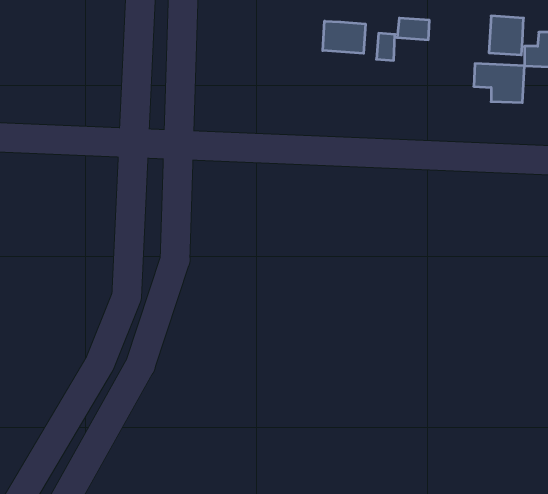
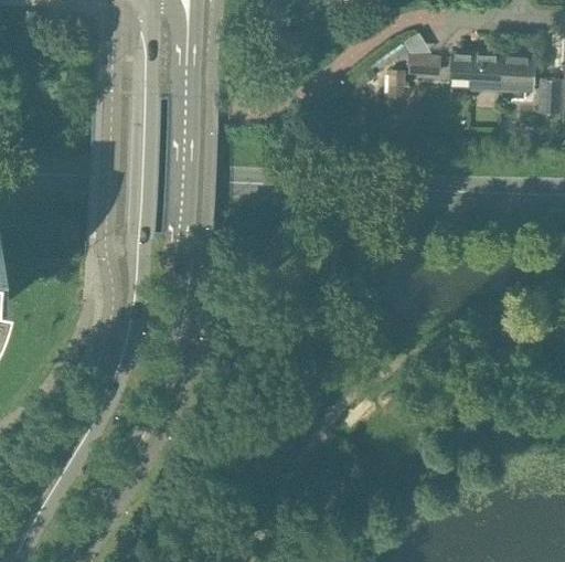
building: [323,21,365,53] -> none
building: [474,64,525,103] -> [450,53,502,93]

